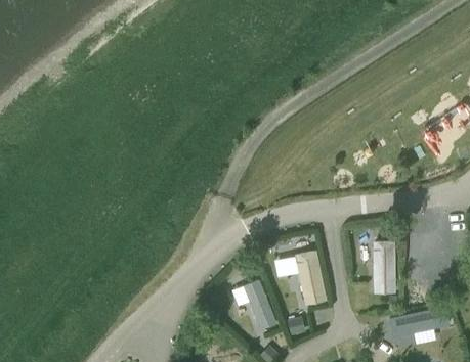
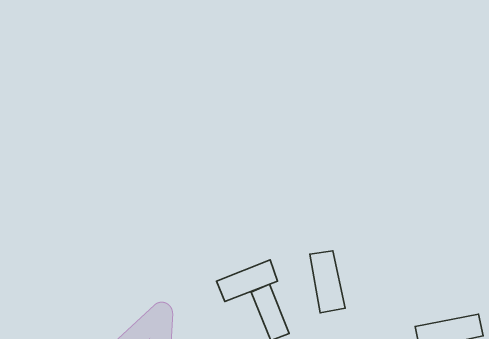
building: [372,240,394,292] -> none
building: none -> [217,260,278,301]

